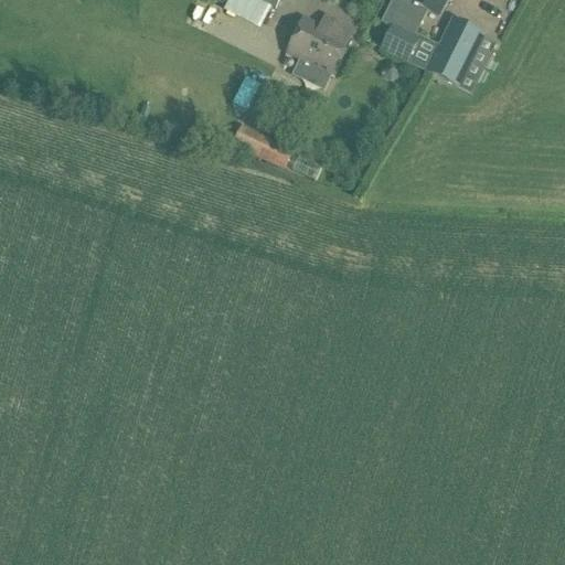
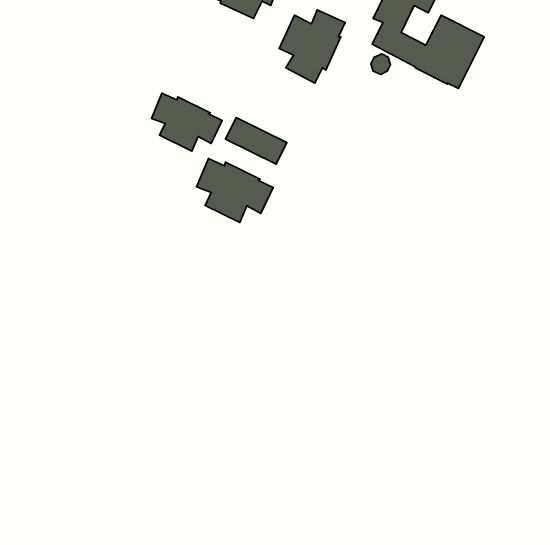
building: none -> [151,93,222,151]
building: none -> [197,158,273,223]

